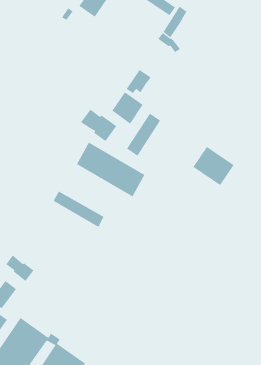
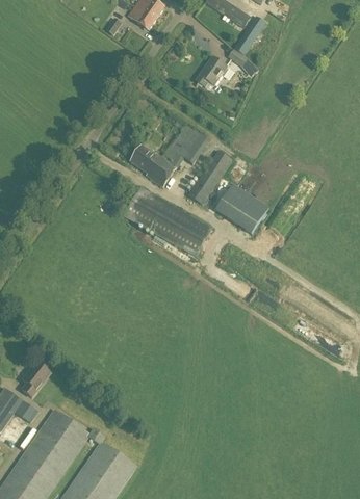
building: [126,69,151,94] -> [195,55,227,86]
building: [193,146,235,186] -> [215,183,268,233]
building: [53,191,104,228] -> none
building: [5,255,34,282] -> none

